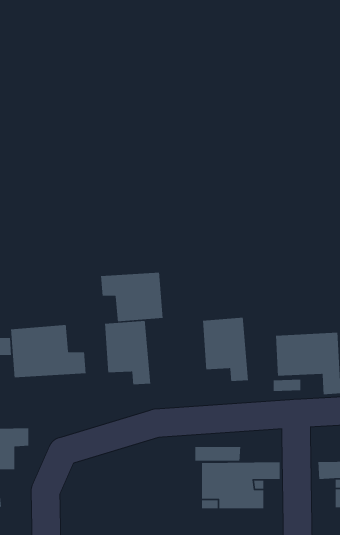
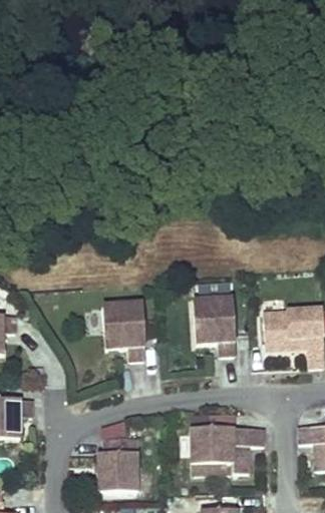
building: [100,272,164,322] -> none
building: [10,324,87,378] -> none
building: none -> [100,434,139,488]

